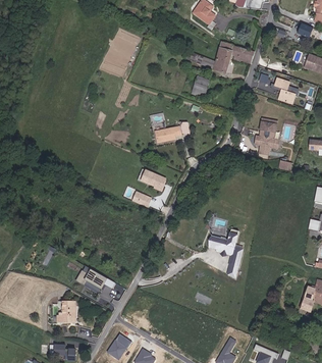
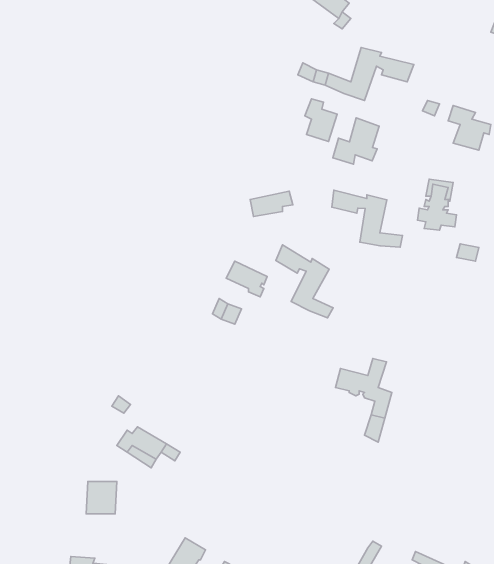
building: none -> [333,118,379,164]
building: none -> [332,190,403,247]
building: none -> [276,245,333,318]

